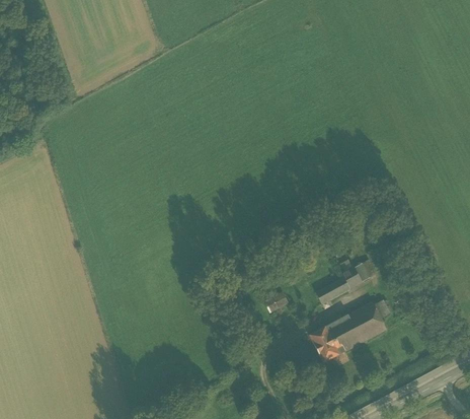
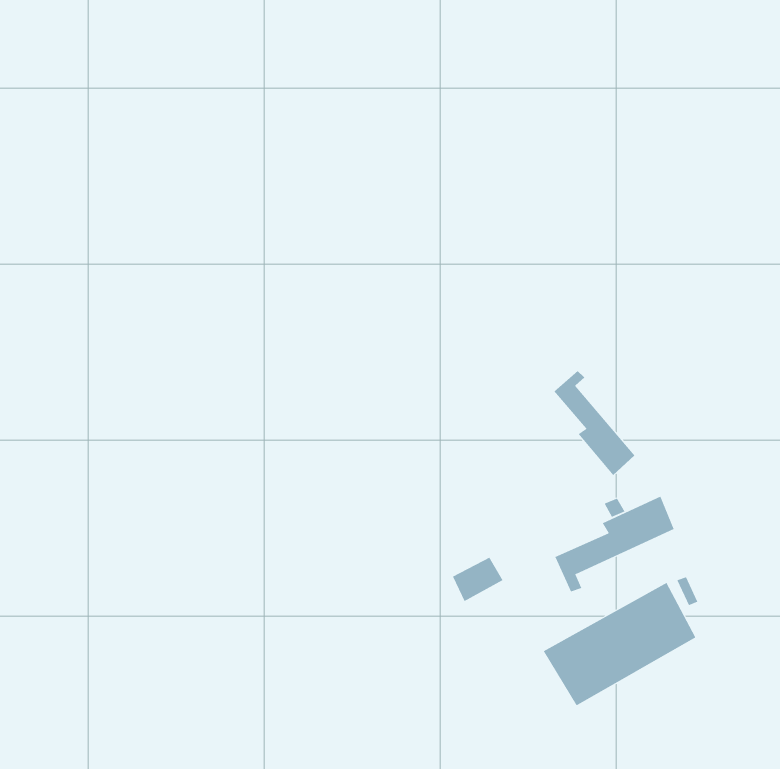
building: none -> [553,370,635,476]

